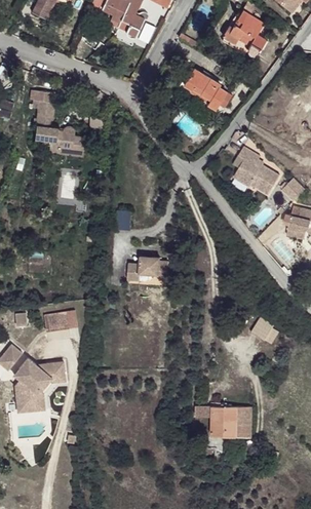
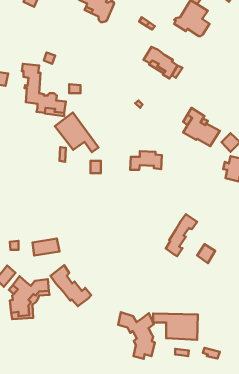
building: none -> [55,112,98,152]
building: [127,257,167,280] -> [130,151,162,170]
building: none -> [166,214,197,256]
building: none -> [51,265,91,306]
building: none -> [118,312,155,359]

